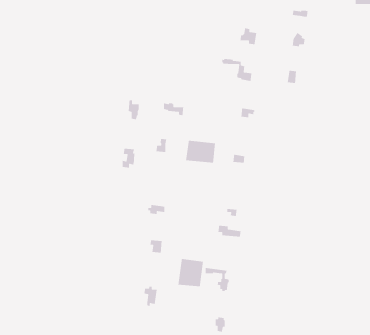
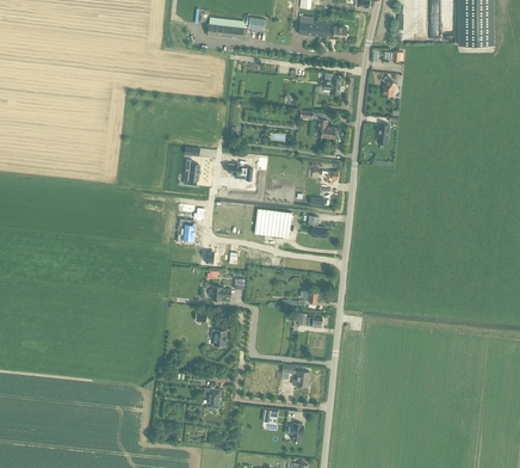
building: [178,258,204,287] -> none

